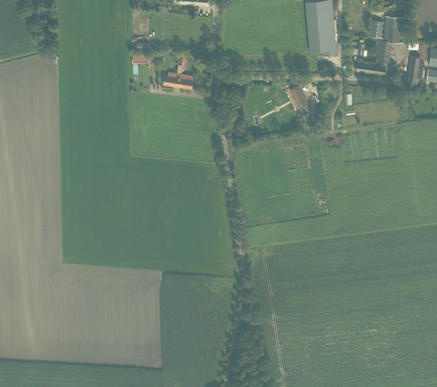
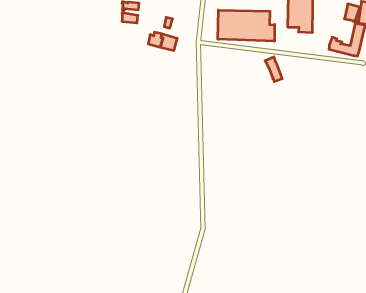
building: none -> [218,10,275,41]

